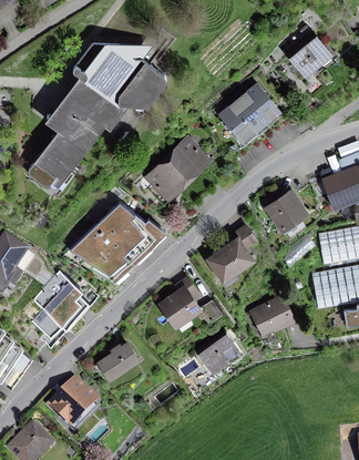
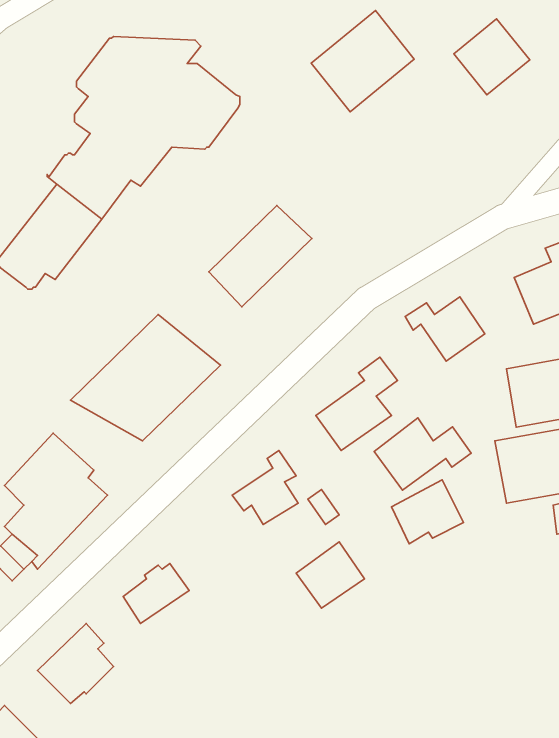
building: [220,83,279,141] -> [311,11,414,112]
building: none -> [374,418,471,490]

